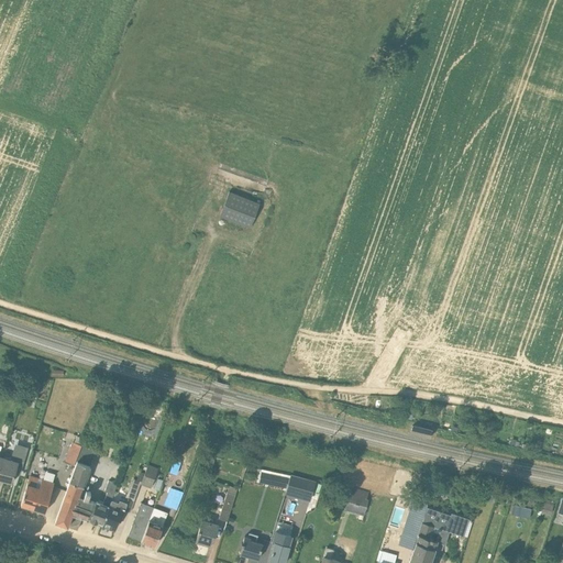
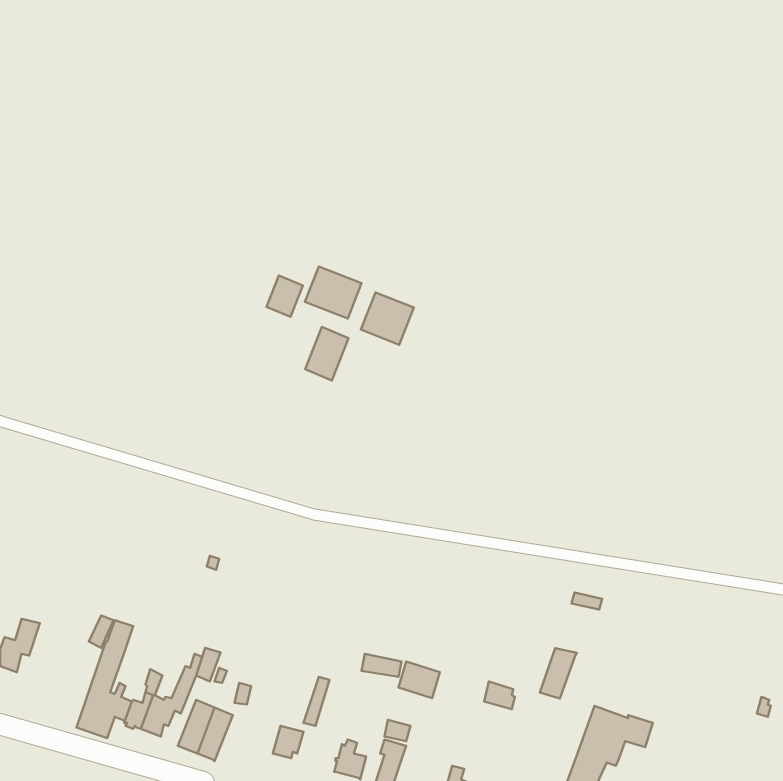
building: none -> [266,276,303,317]
building: none -> [361,293,414,345]
building: none -> [305,327,348,380]
building: [21,477,54,514] -> none
building: [401,503,428,539] -> [540,648,577,699]

